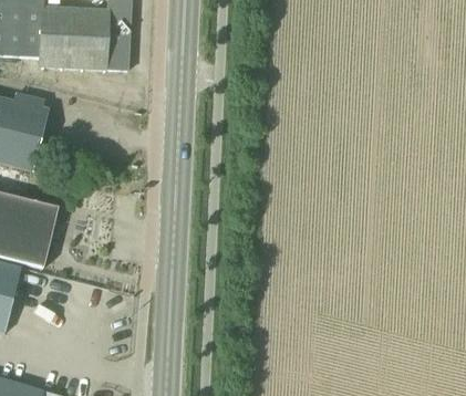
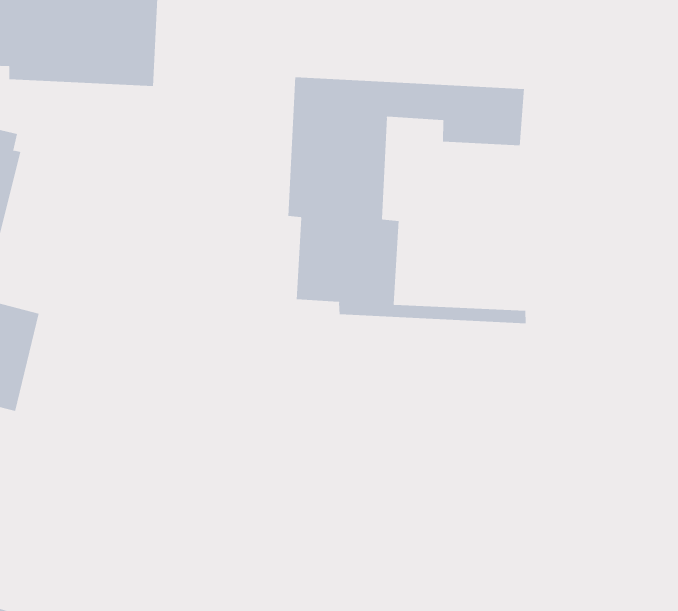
building: none -> [288,77,526,324]

